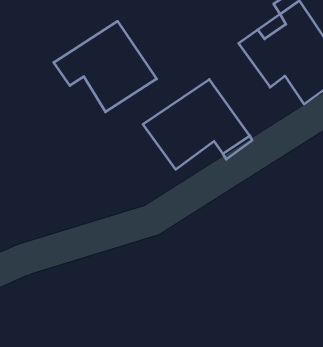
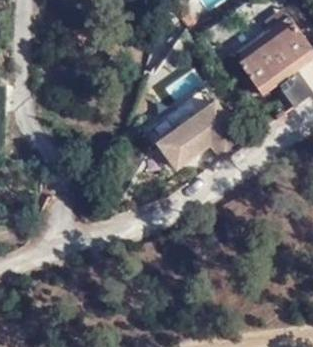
building: [54,21,157,112] -> none

